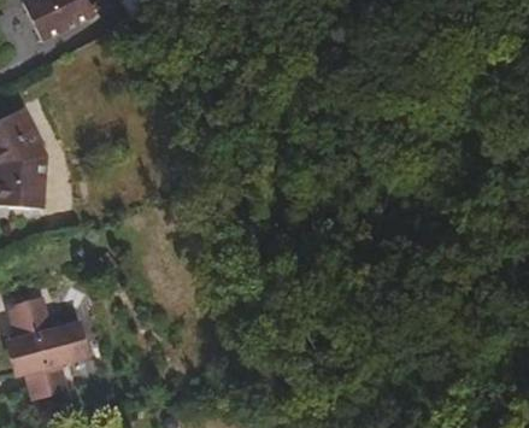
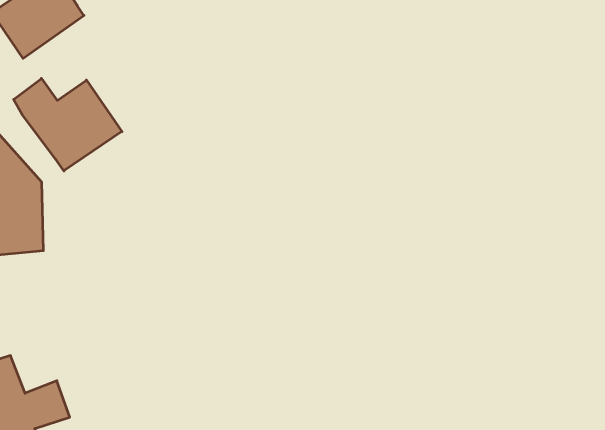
building: none -> [14,78,122,171]

